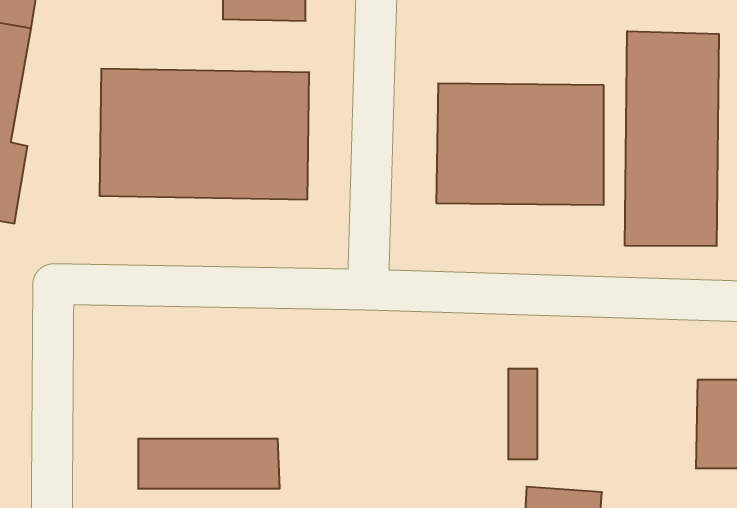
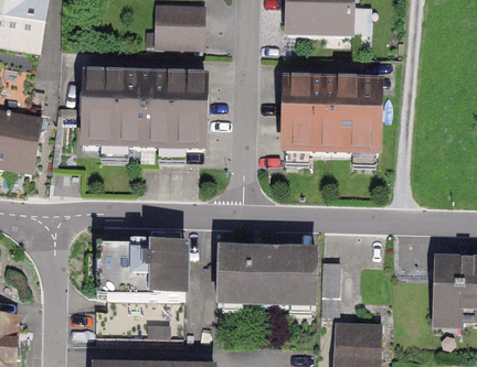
building: [625,31,719,246] -> none
building: none -> [109,242,183,284]
building: none -> [216,250,314,305]

